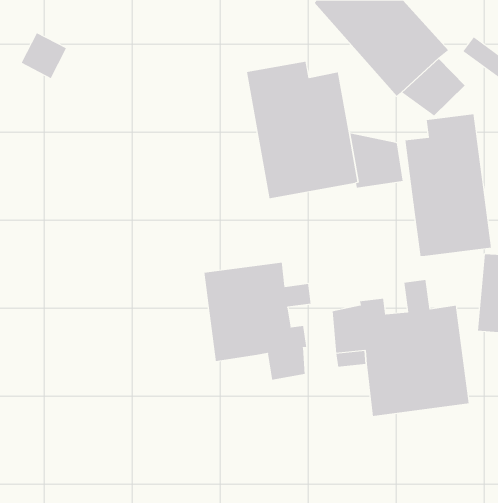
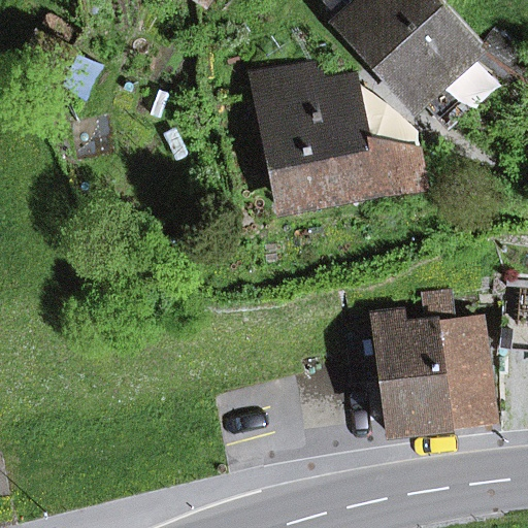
building: [405,113,491,257] -> none
building: [204,262,311,380] -> none

